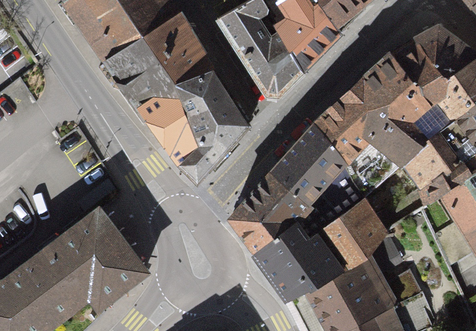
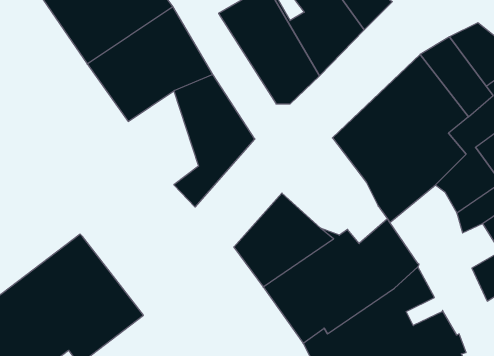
building: [140,83,200,163] -> none
building: [271,123,361,213] -> none

